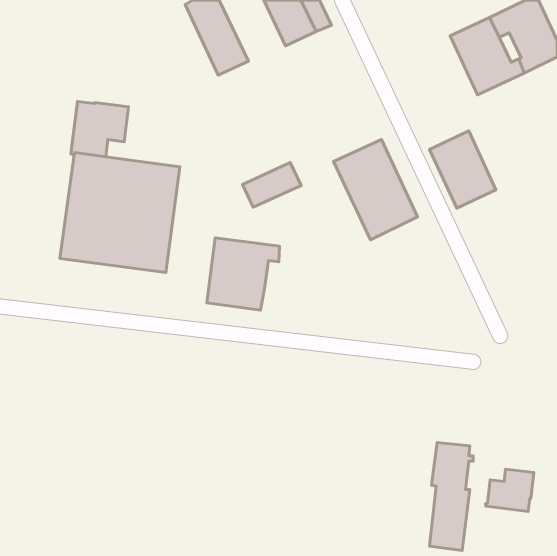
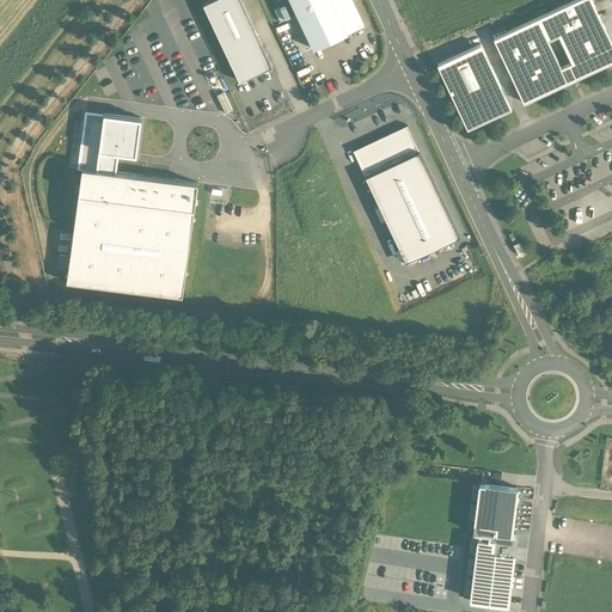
building: [429,131,496,208] -> [437,47,510,131]
building: [242,163,301,207] -> [354,129,418,178]
building: [207,238,280,310] -> none
building: [486,469,534,512] -> none

